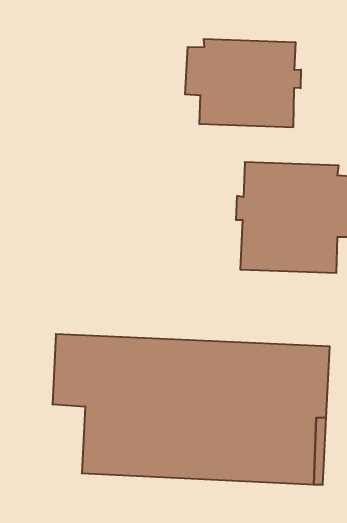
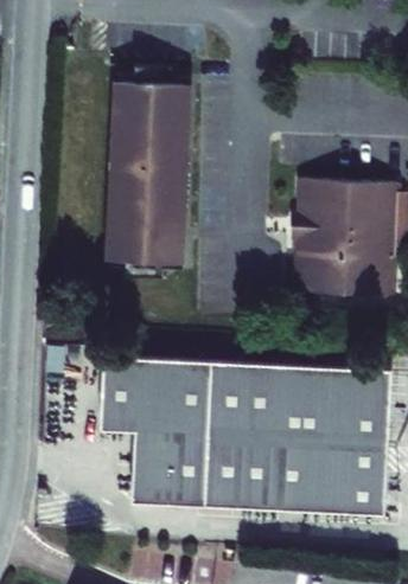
building: [185,39,301,127] -> none
building: none -> [106,75,191,258]

